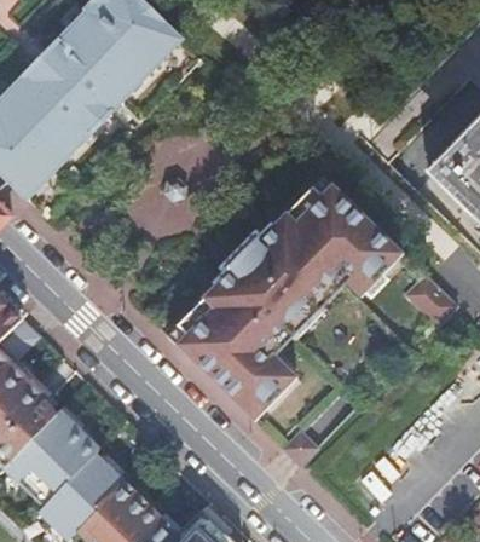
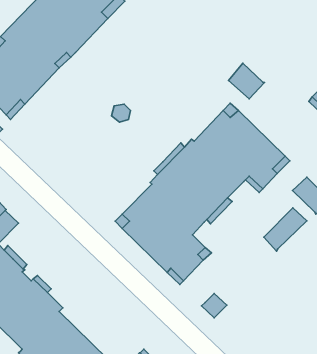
building: none -> [228,63,264,99]
building: none -> [264,208,307,251]

